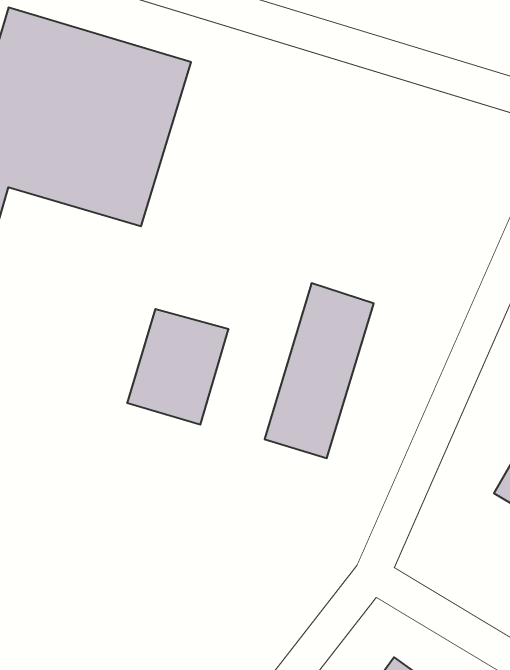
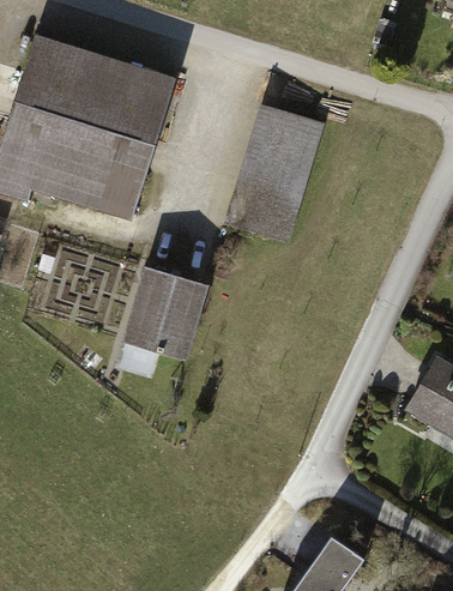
building: [265,283,374,458] -> [232,109,316,243]

